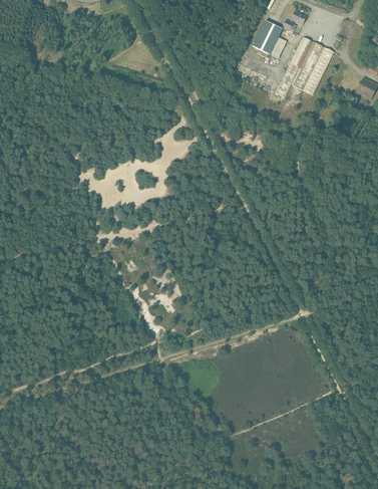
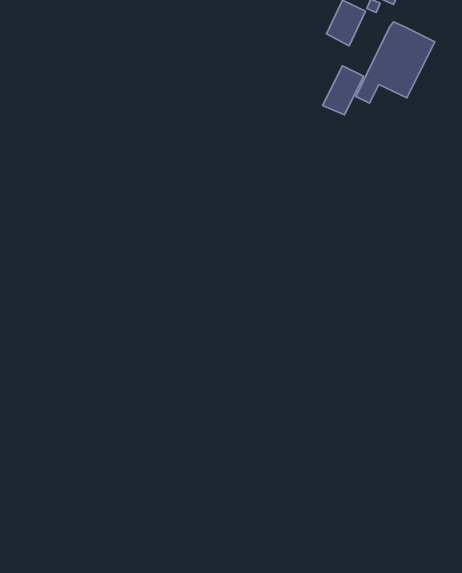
building: none -> [322,66,363,115]

